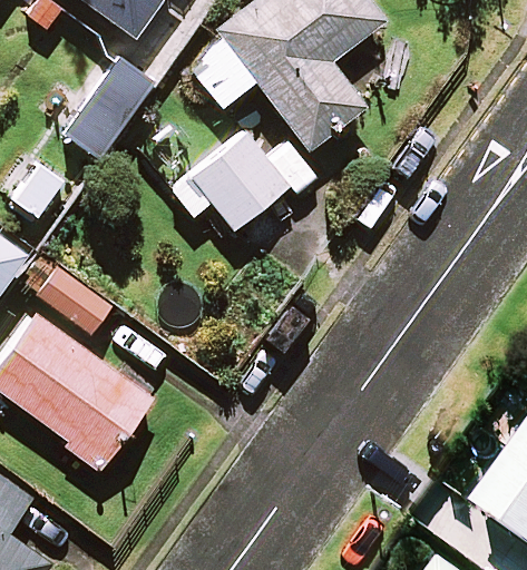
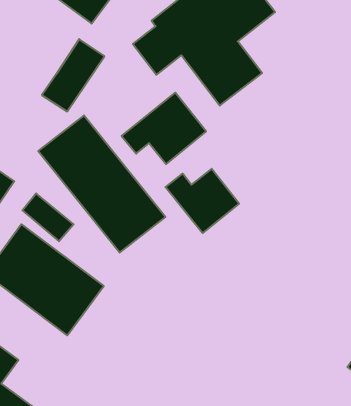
building: none -> [38,115,165,253]
building: none -> [165,169,239,233]

